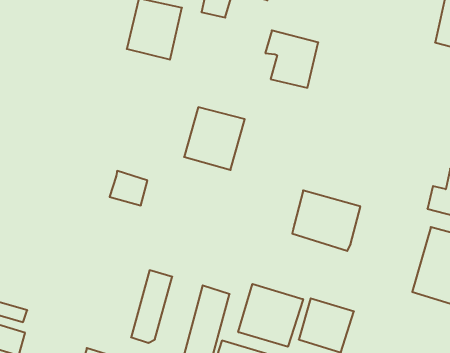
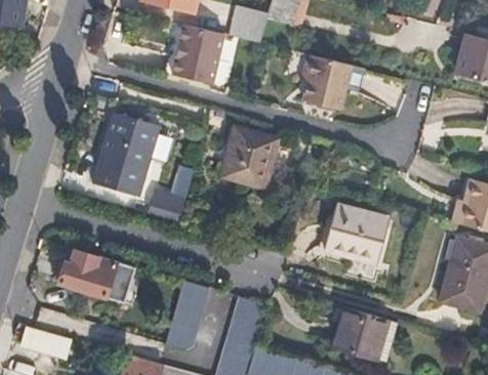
building: none -> [92,112,157,194]
building: none -> [58,252,131,301]
building: [238,284,303,347] -> none

